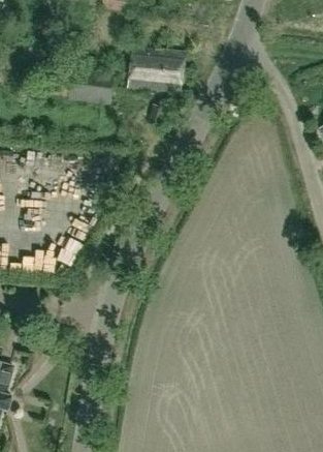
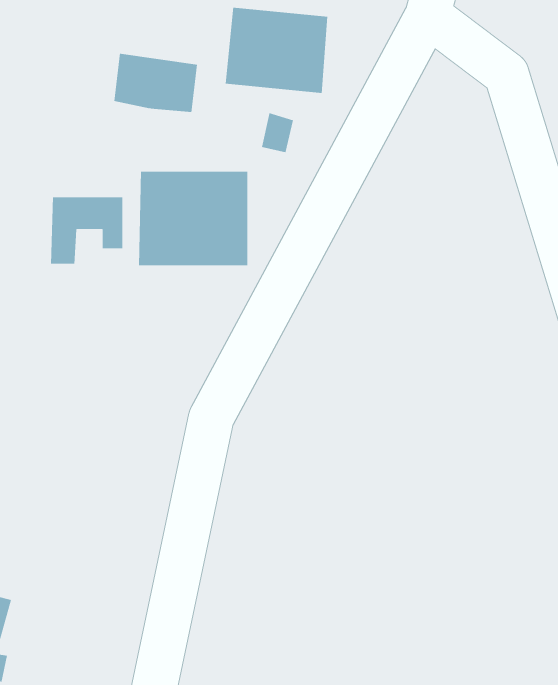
building: none -> [139,171,248,266]

